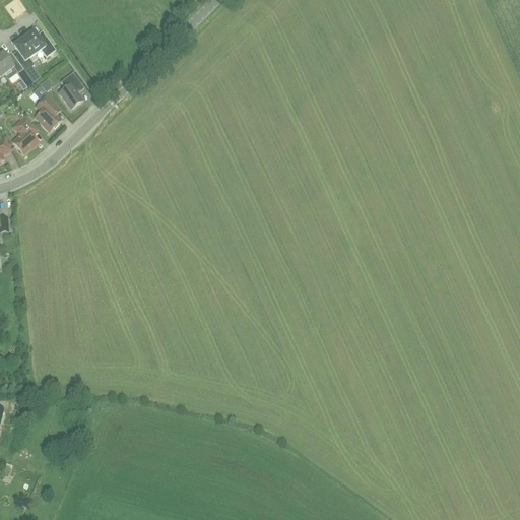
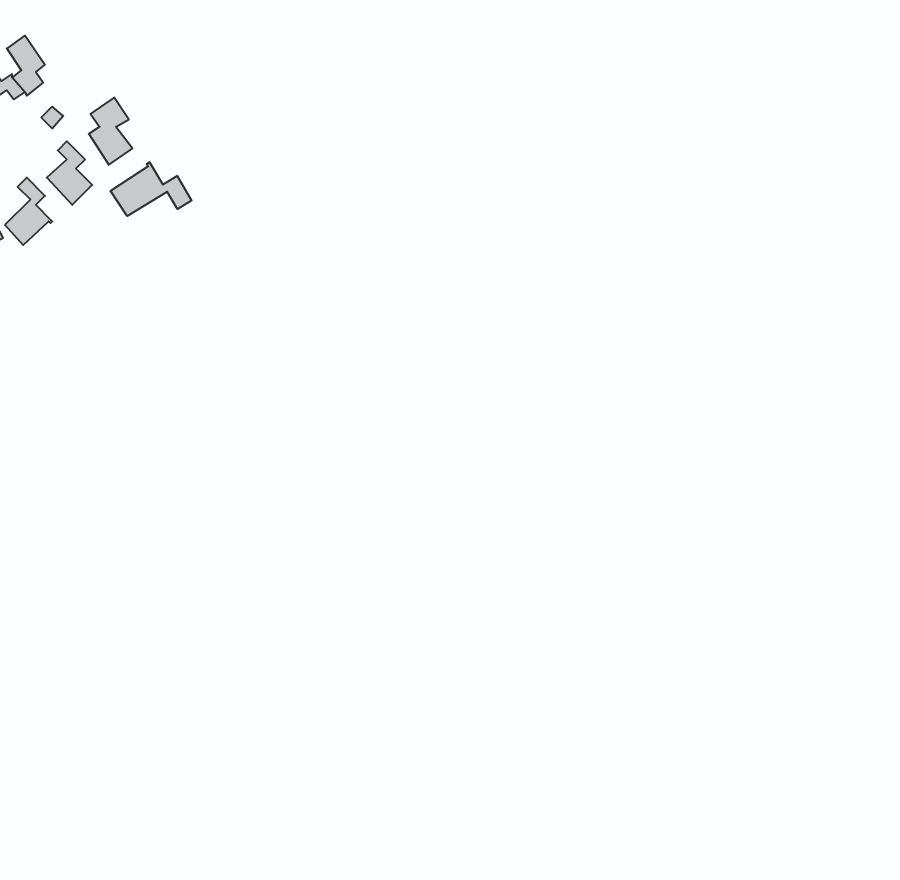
building: [22,28,55,55] -> none
building: none -> [111,162,192,216]

